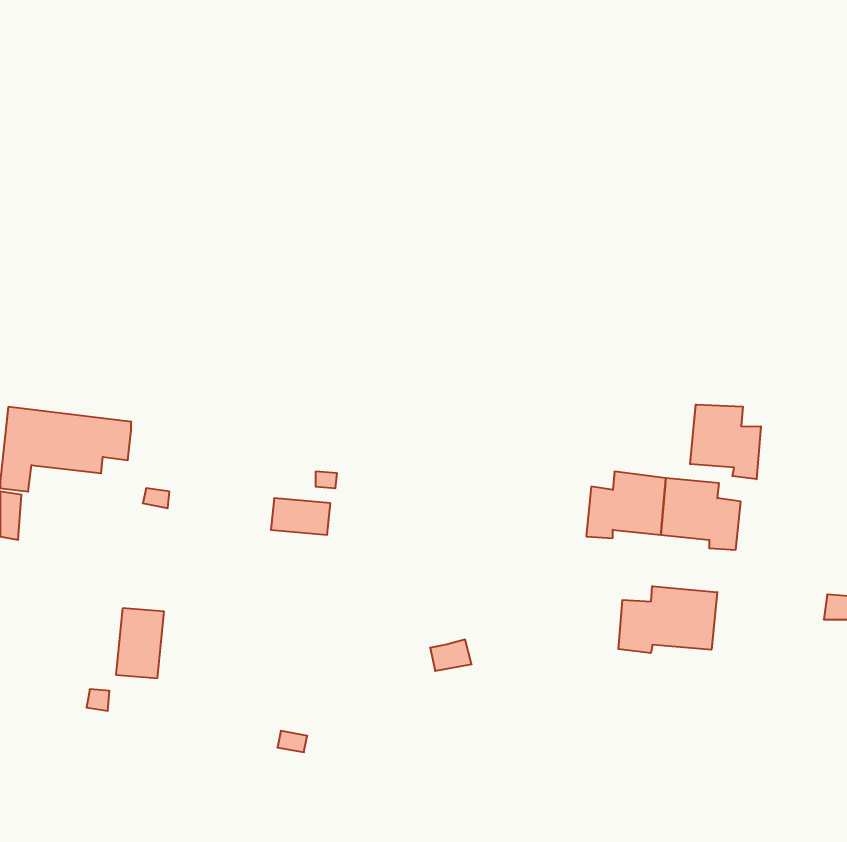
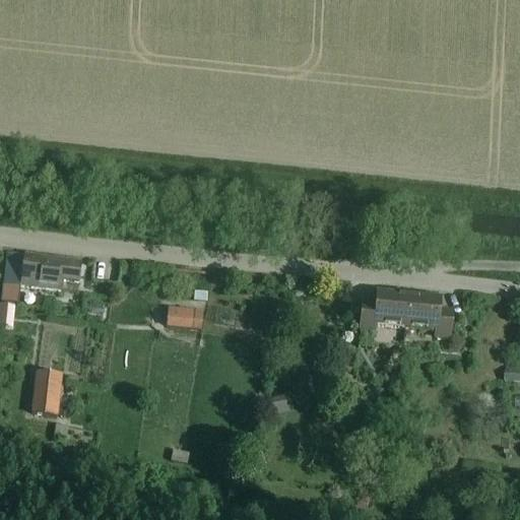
building: [690,404,761,479] -> none
building: [618,586,717,653] -> none
building: [116,608,164,678] -> [31,370,61,412]

